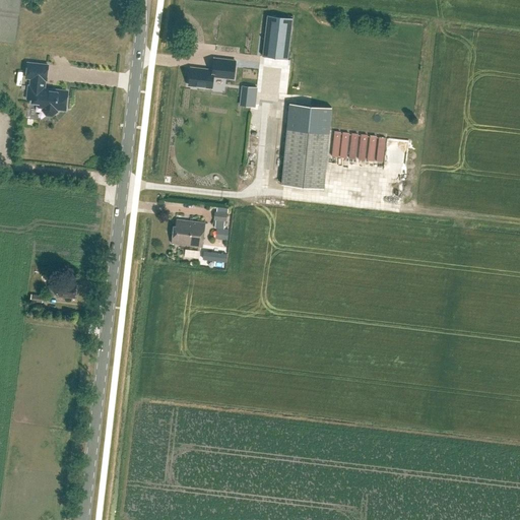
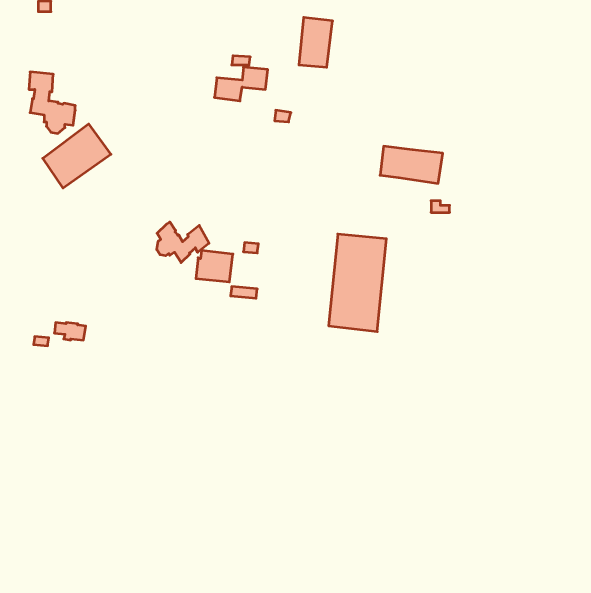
building: [280,104,331,189] -> [329,234,386,332]
building: none -> [43,124,111,188]
building: none -> [157,222,209,263]

